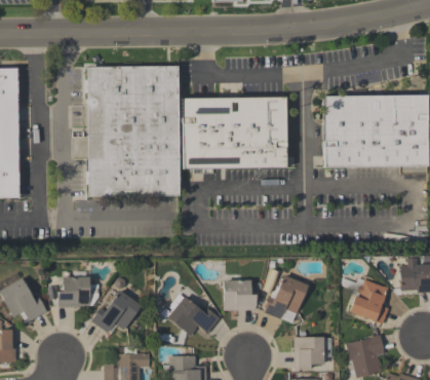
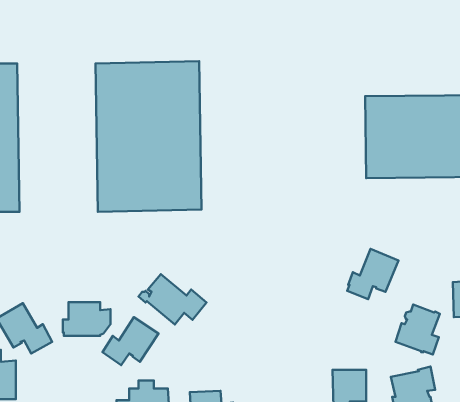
building: [181,97,285,168] -> none
building: [263,274,308,318] -> [347,249,398,299]
building: [223,279,256,309] -> none
building: [160,293,220,337] -> [139,274,206,325]

